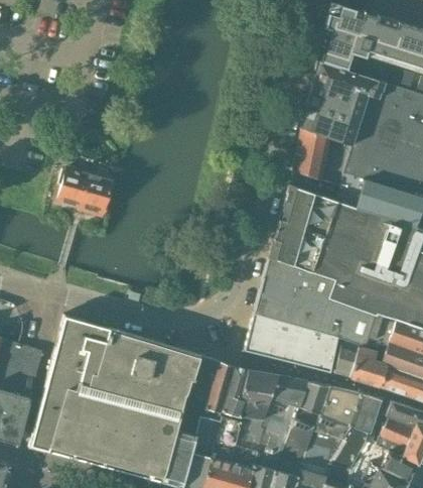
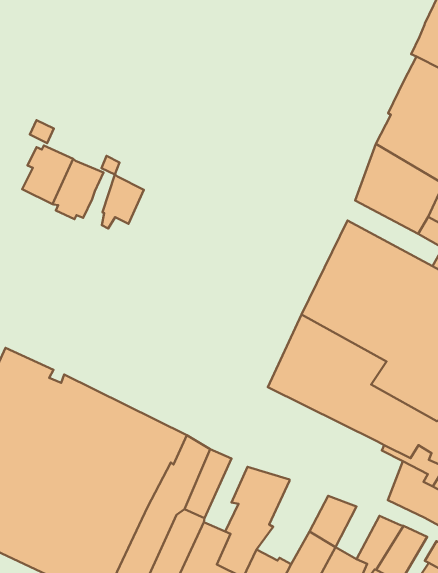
building: none -> [102,175,144,229]
building: [246,313,338,372] -> none
building: [336,344,359,378] -> none
building: [226,367,250,419] -> none
building: [266,376,310,435] -> none
building: [321,386,348,423] -> none

